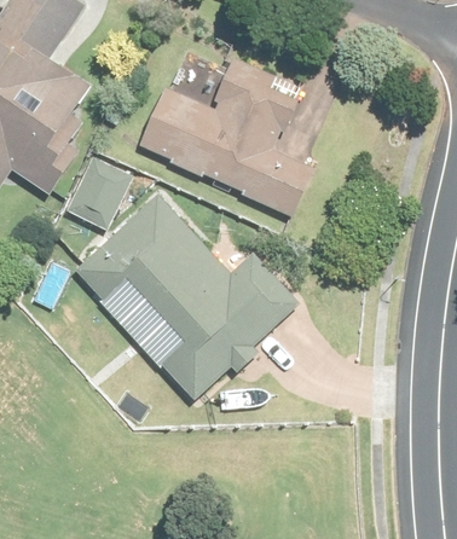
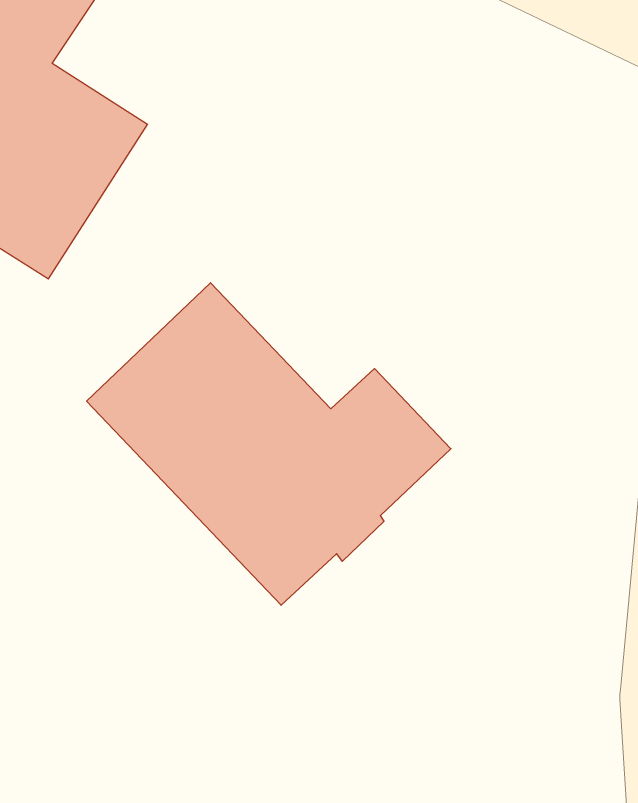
building: [135,64,316,220] -> none
building: [68,156,131,227] -> none

